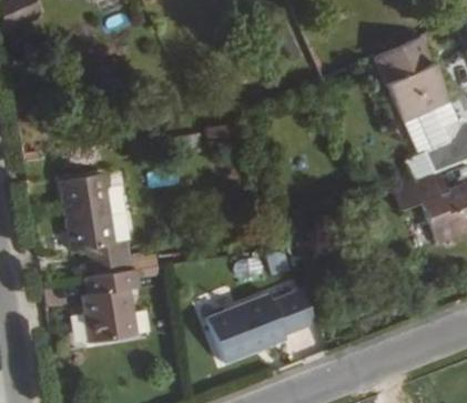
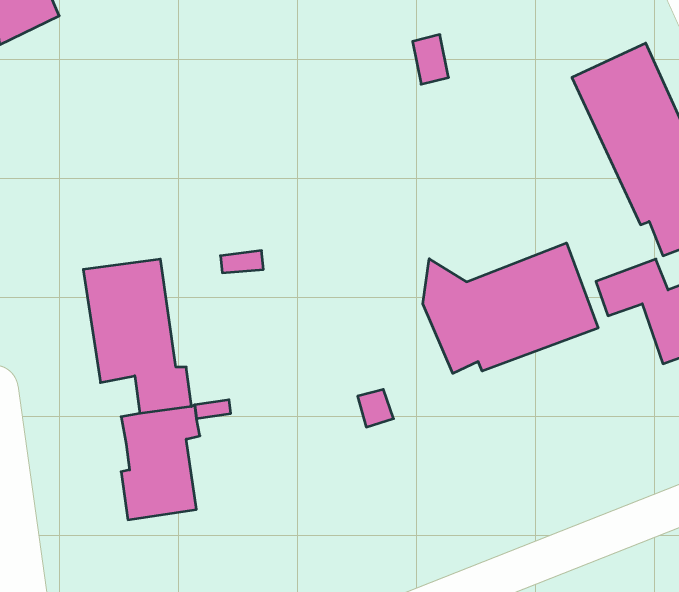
building: none -> [423,243,598,373]
building: [206,286,314,357] -> none

